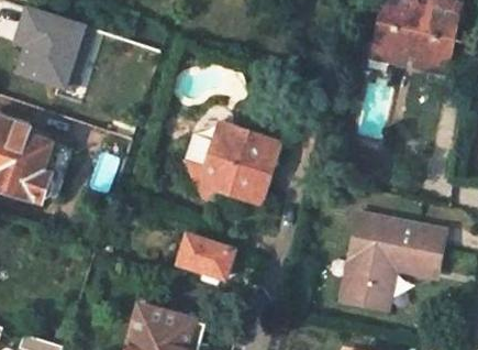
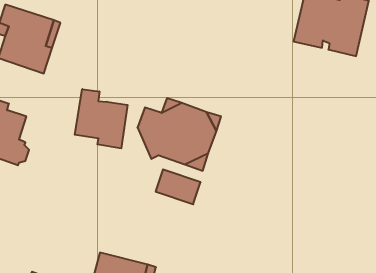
building: none -> [75,89,128,148]
building: [340,216,442,311] -> none
building: [179,236,233,277] -> [156,169,201,204]

